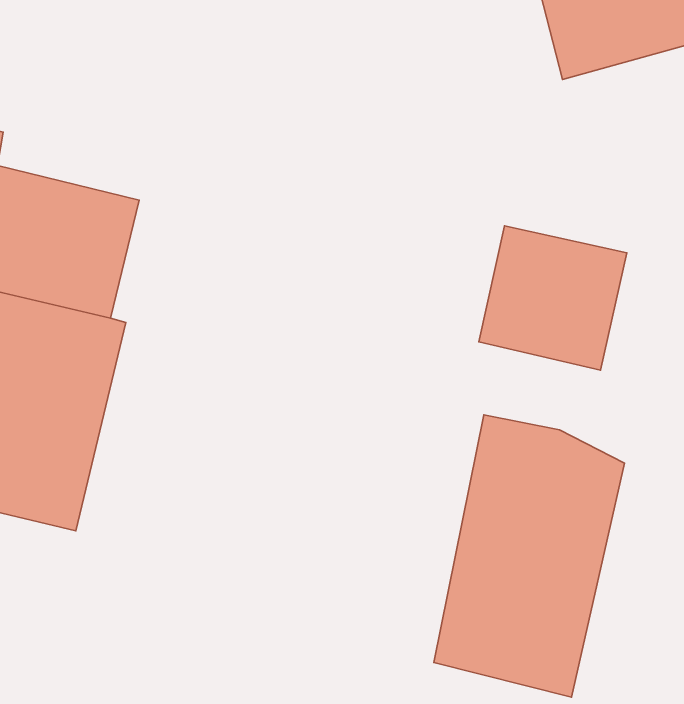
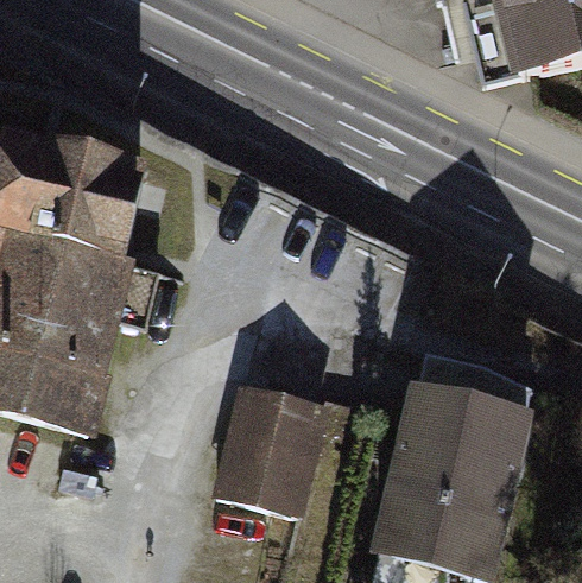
building: [479,226,627,370] -> none
building: none -> [214,387,316,511]

